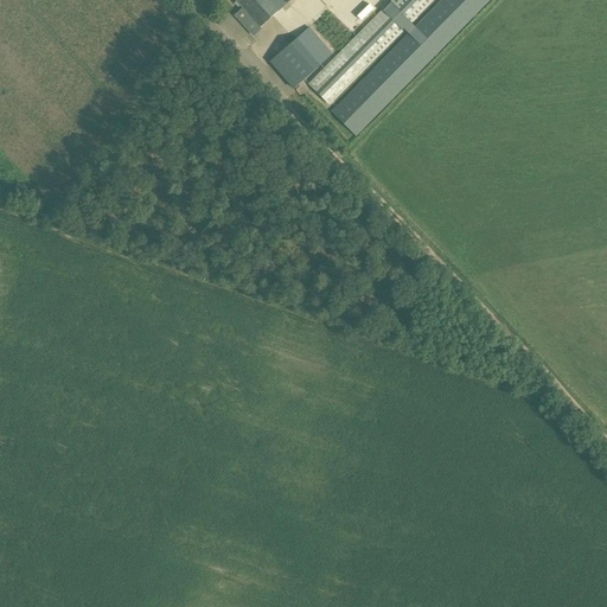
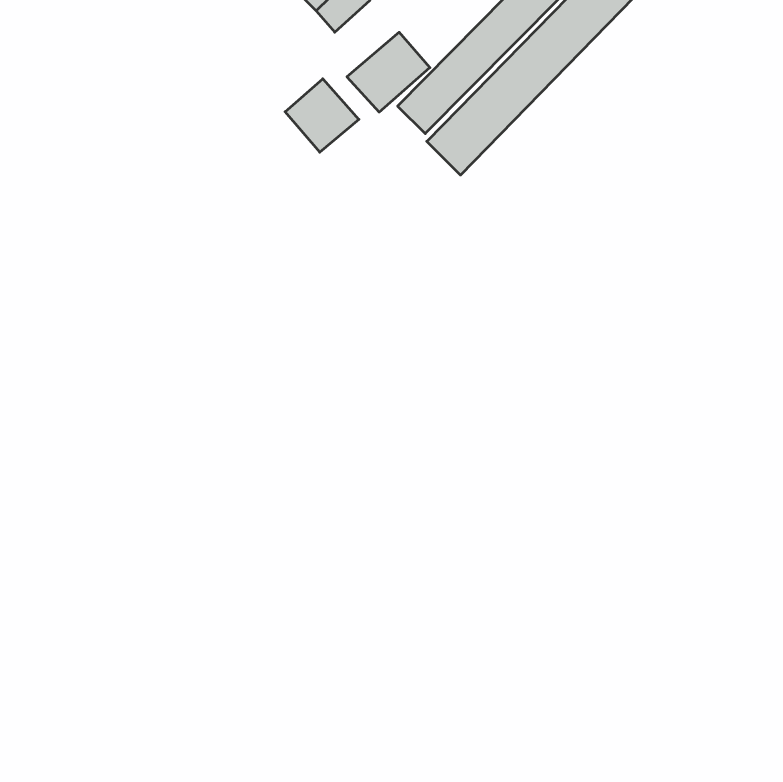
building: none -> [285,79,359,152]

